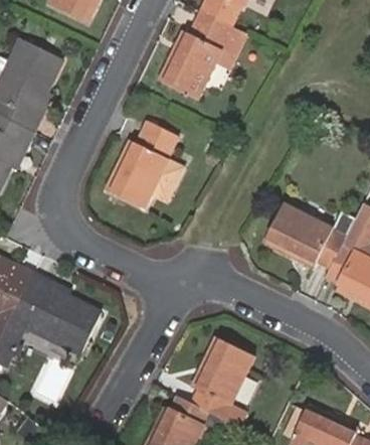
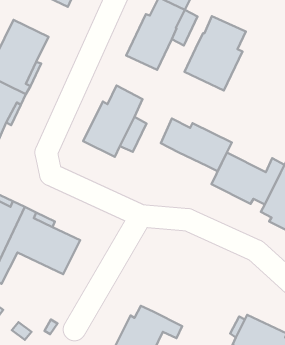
building: none -> [184,16,246,91]
building: none -> [161,119,232,171]
building: [192,336,253,426] -> none

